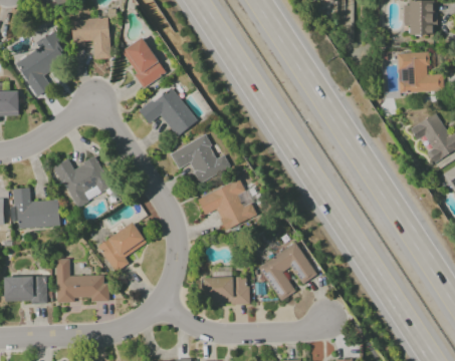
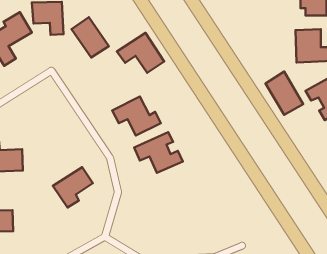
building: [138,87,196,136] -> [117,33,164,73]
building: none -> [265,71,303,115]
building: [53,155,113,209] -> none
building: [258,243,316,301] -> none
building: [55,259,105,302] -> none
building: [203,277,248,303] -> none

